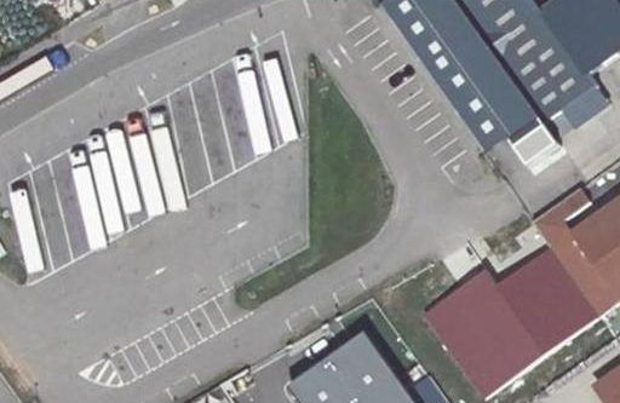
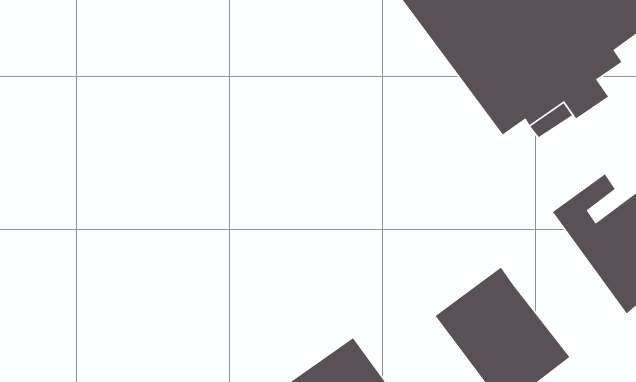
building: [500,244,603,351] -> none

